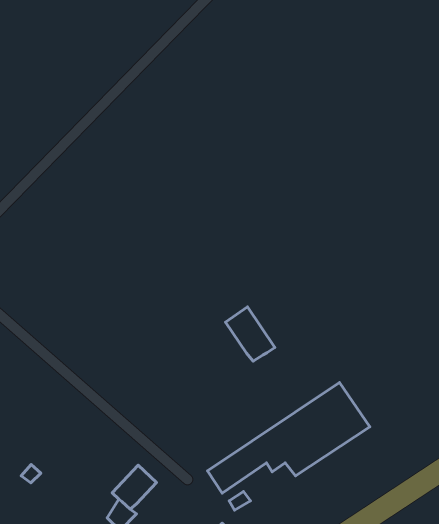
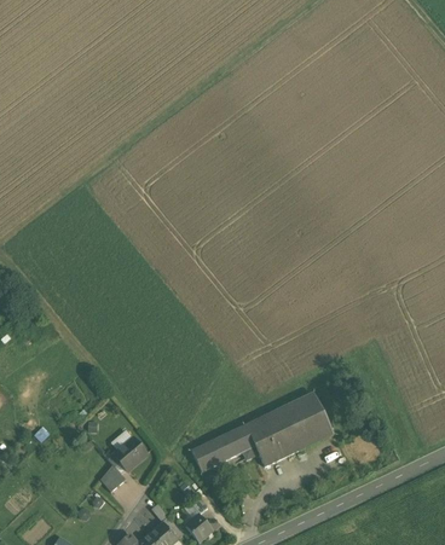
building: [226,307,275,361] -> none

